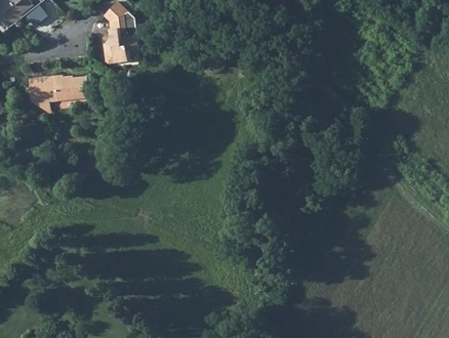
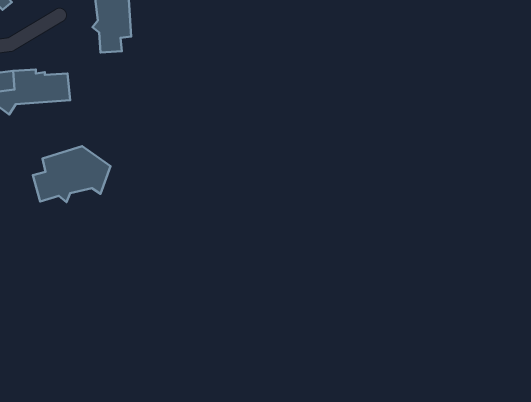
building: none -> [33,146,111,202]

